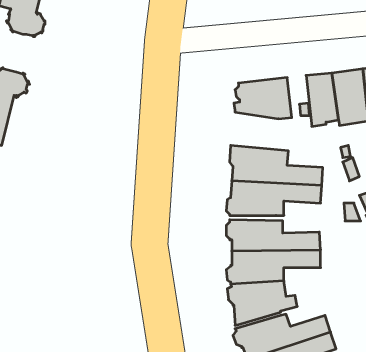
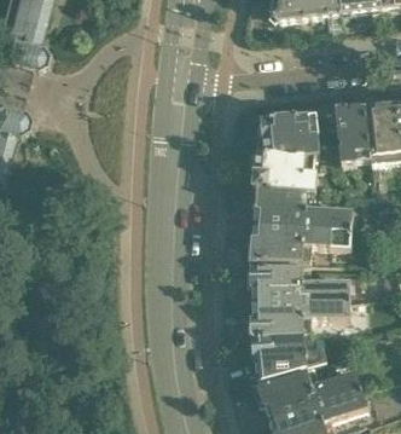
building: none -> [250,149,316,191]

